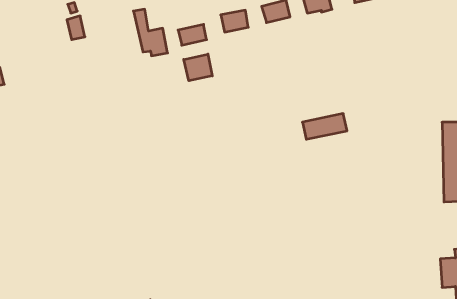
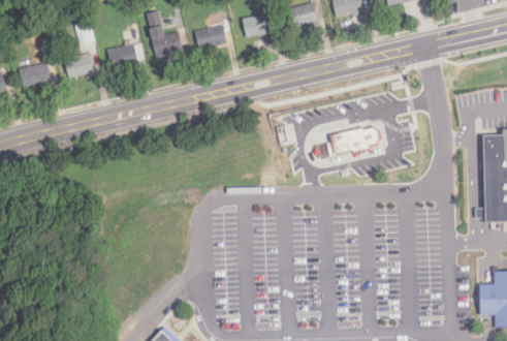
building: none -> [107,42,144,70]
building: none -> [65,55,96,80]
building: [184,54,212,81] -> none
building: none -> [20,65,51,88]

